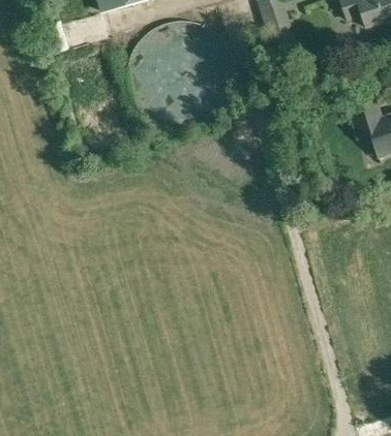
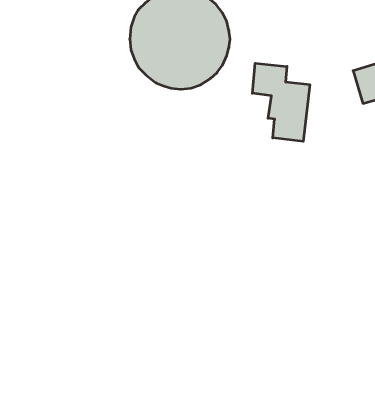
building: none -> [252,63,310,141]

